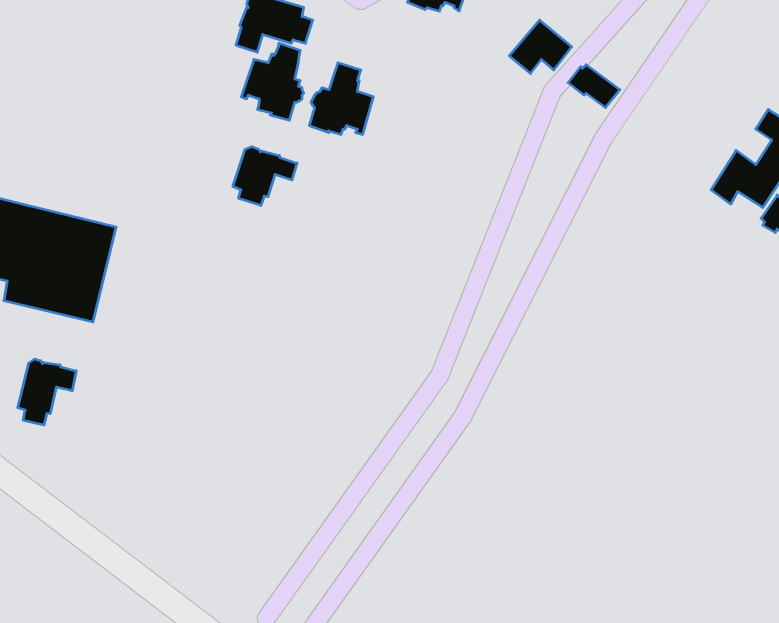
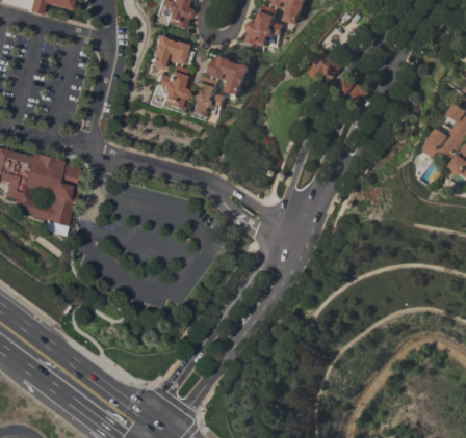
building: none -> [207,54,250,93]
building: [233,147,297,206] -> none
building: [18,359,76,425] -> none

